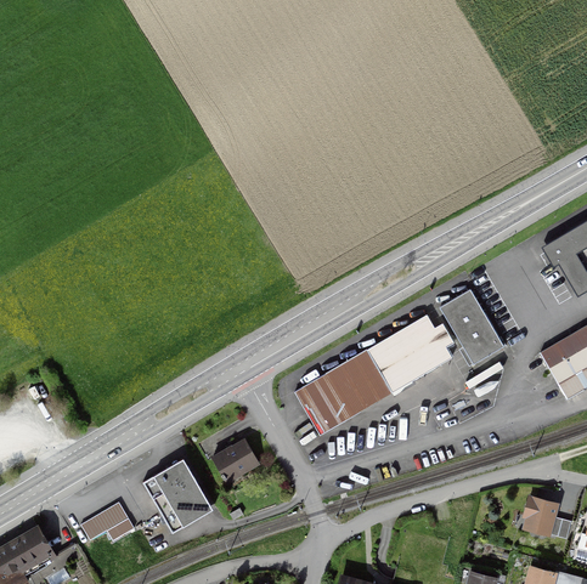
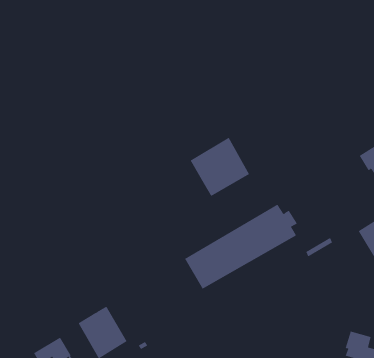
building: none -> [190,137,250,197]
building: [439,288,506,365] -> none
building: [213,440,260,480] -> none

